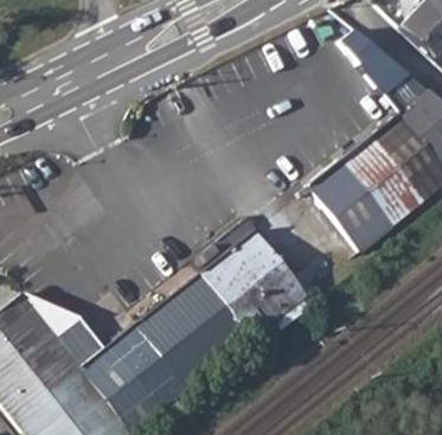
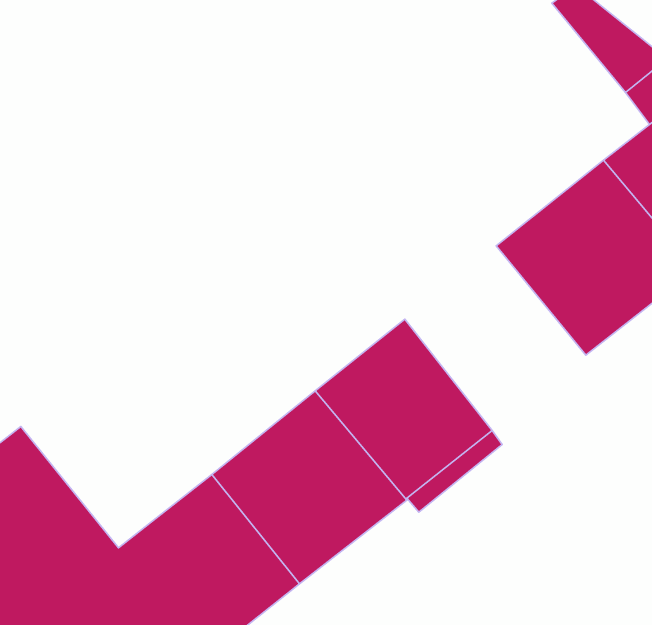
building: [23,294,103,366] -> none

